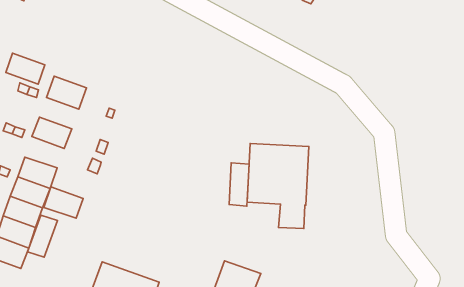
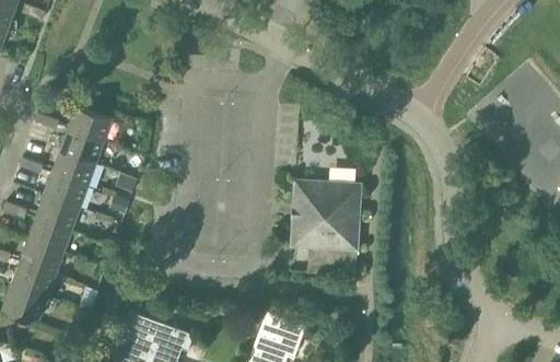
building: [6,53,45,84] -> [59,130,103,165]
building: [229,163,249,206] -> none
building: [44,187,83,218] -> [43,174,86,209]
building: [27,215,58,257] -> none

